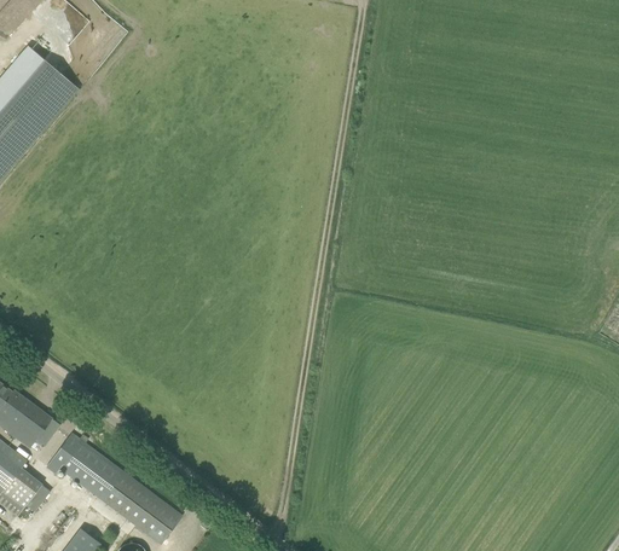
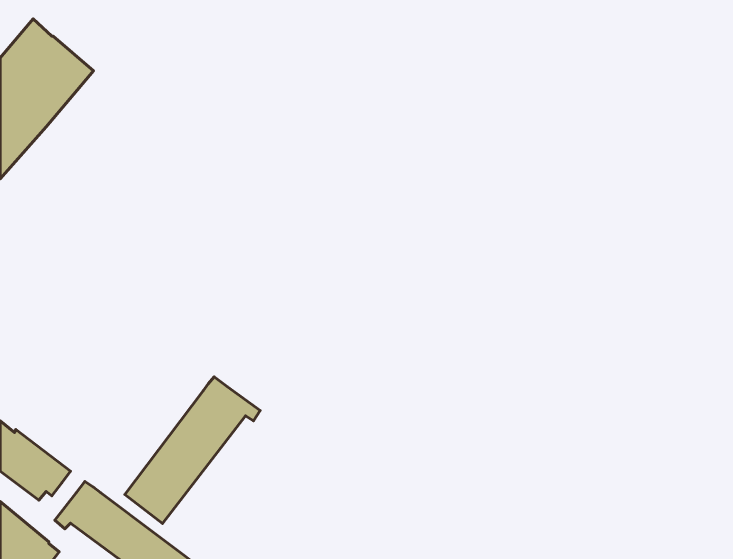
building: none -> [125,377,260,523]

